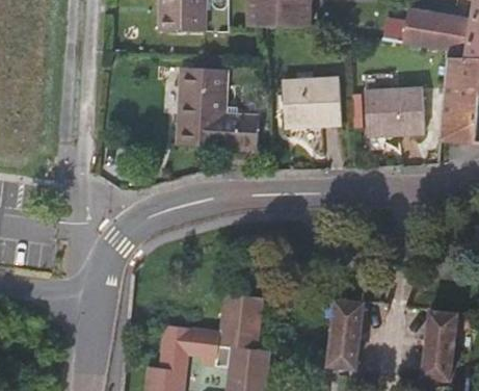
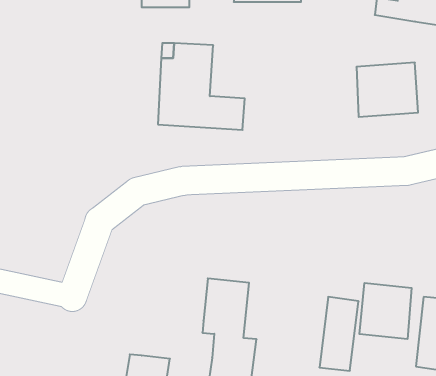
building: [282,77,342,128] -> none
building: none -> [359,283,412,339]
building: [159,325,229,369] -> none

